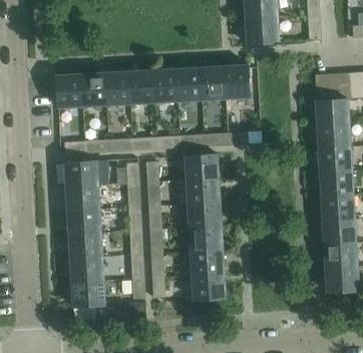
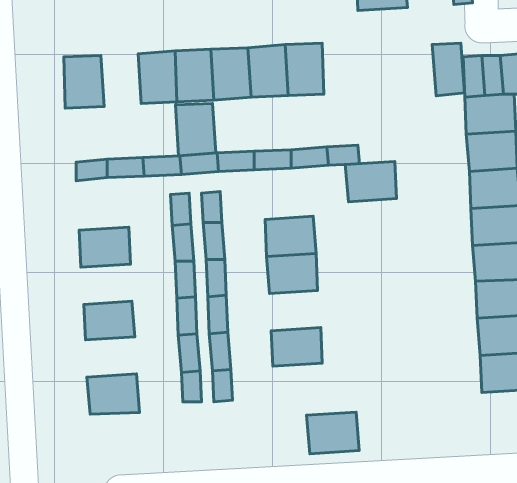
building: [224,65,250,99] -> none
building: none -> [432,43,465,96]
building: [80,73,106,107] -> [176,103,216,156]
building: [185,154,218,181] -> [345,161,396,202]
building: [65,161,98,188] -> none
building: [67,210,100,236] -> none
building: [190,227,223,253] -> none
building: [70,257,103,283] -> none
building: [192,274,226,301] -> [307,412,359,454]

